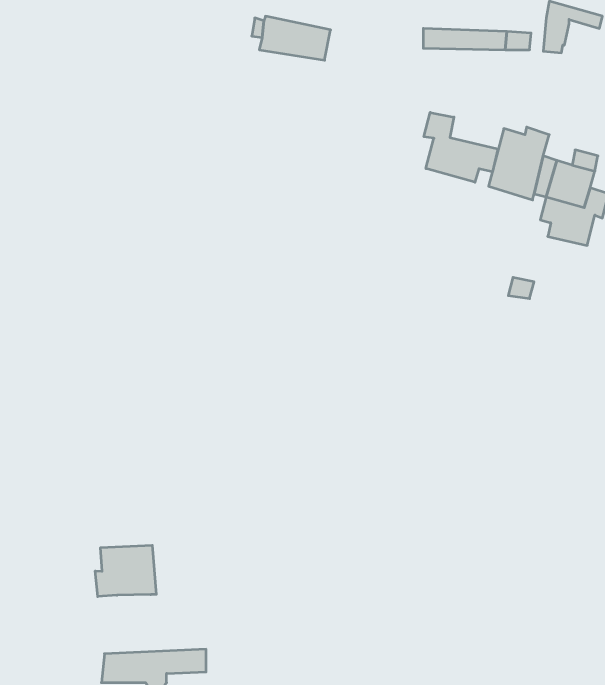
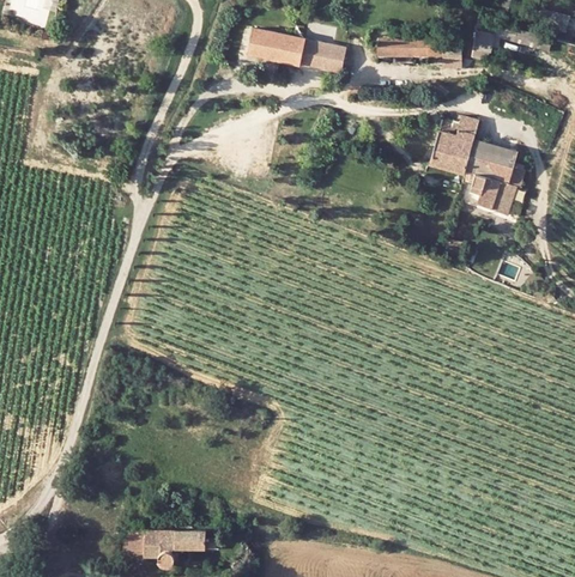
building: none -> [302,41,343,72]
building: [424,112,498,182] -> none
building: [95,545,156,597] -> none

